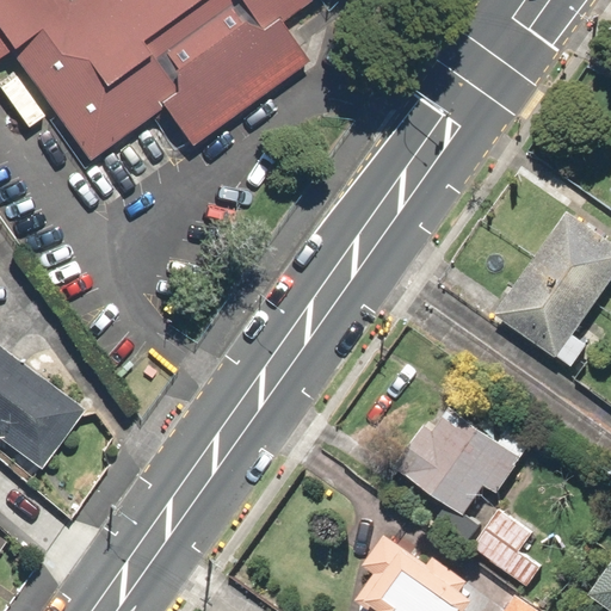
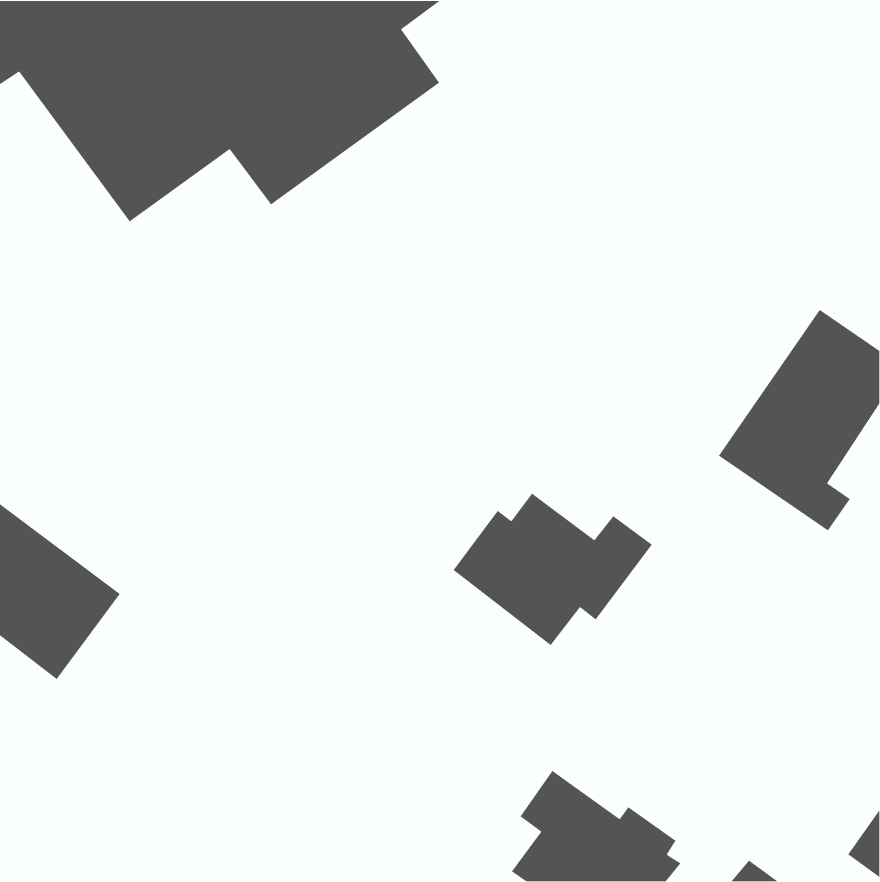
building: [396,409,535,516] -> [453,493,653,646]
building: [470,507,539,584] -> none

